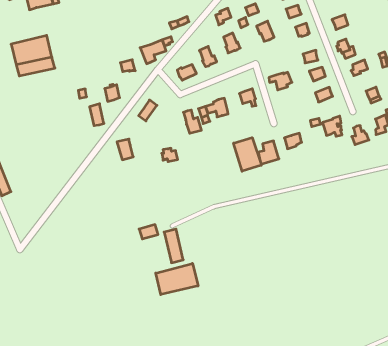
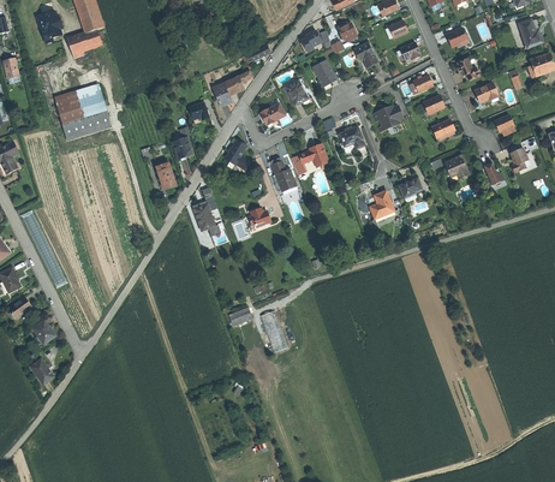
building: [234,138,261,171] -> none
building: [156,263,198,295] -> none

